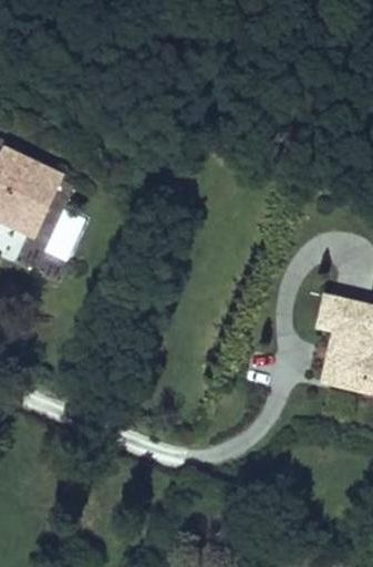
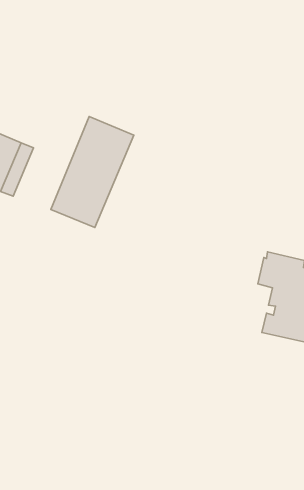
building: none -> [51,116,134,228]

